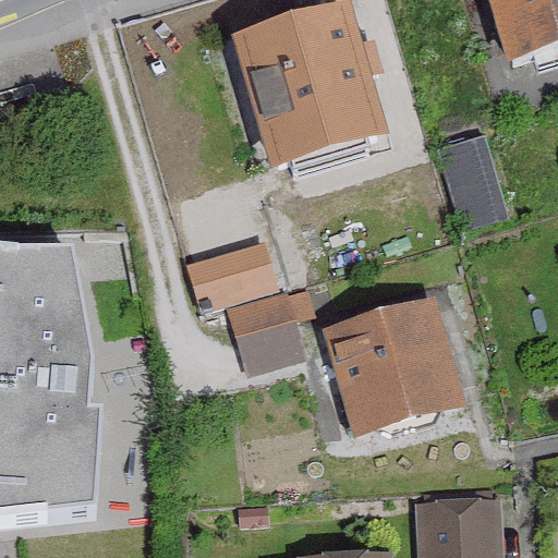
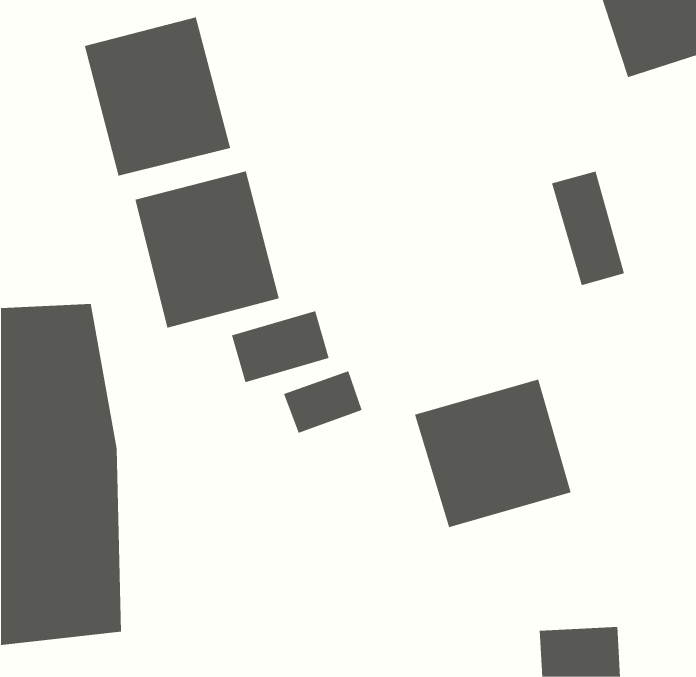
building: [226,11,372,169] -> none
building: none -> [84,17,231,176]
building: none -> [135,170,279,328]

